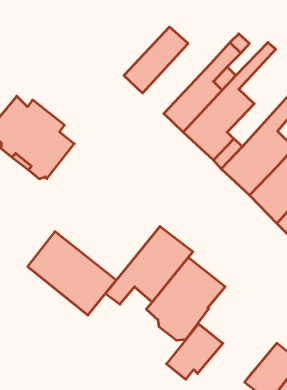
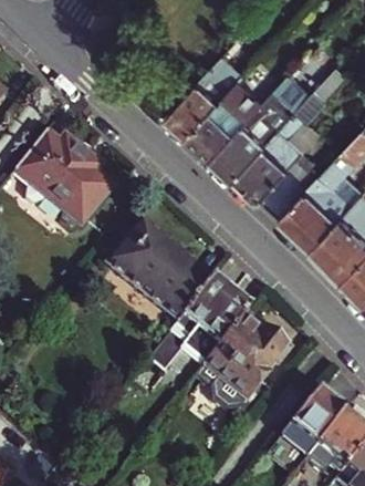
building: none -> [191,71,269,151]
building: [28,232,116,315] -> [111,224,211,319]
building: [166,324,223,379] -> [280,390,344,453]

